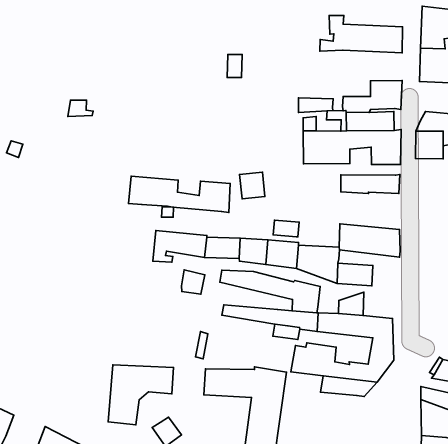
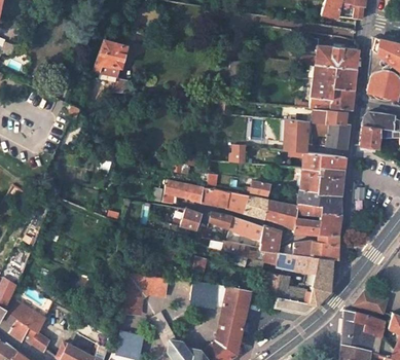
building: none -> [95,41,128,74]
building: none -> [311,65,356,100]
building: [129,176,230,213] -> none
building: none -> [299,166,343,196]
building: none -> [296,207,339,236]
building: none -> [310,239,337,260]

